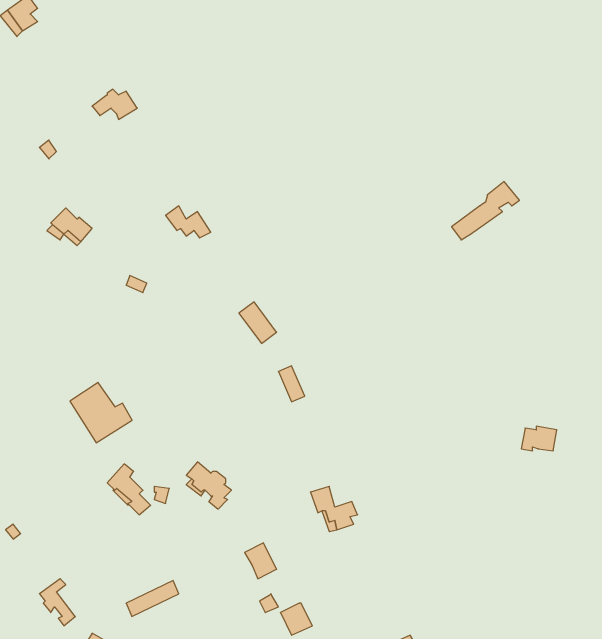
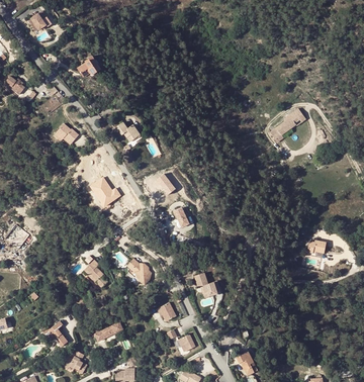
building: [70,382,132,443] -> [88,176,121,208]

